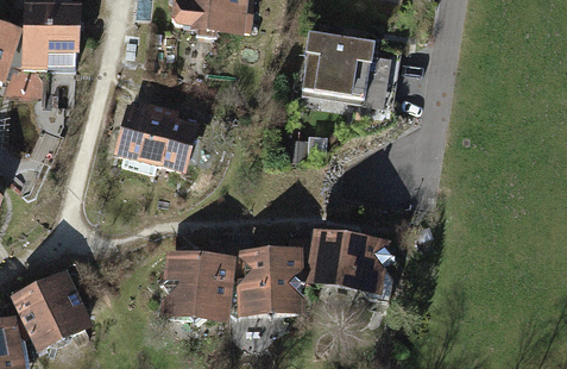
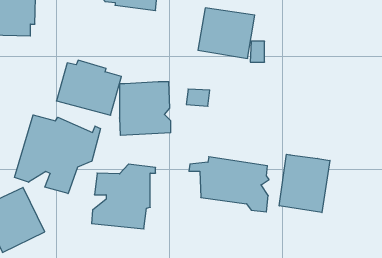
building: none -> [14,115,101,194]
building: none -> [279,154,330,213]
building: [235,246,303,317] -> [119,82,171,135]

